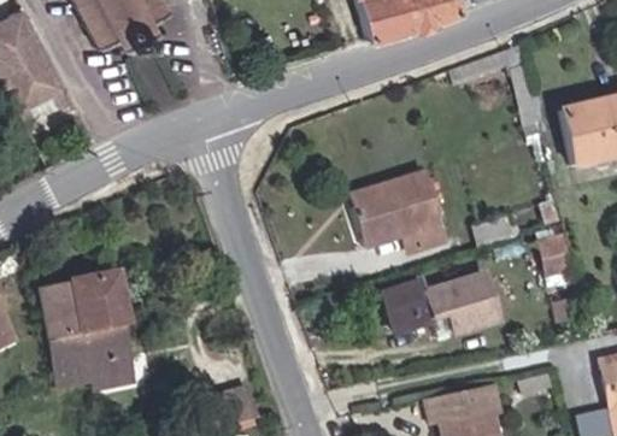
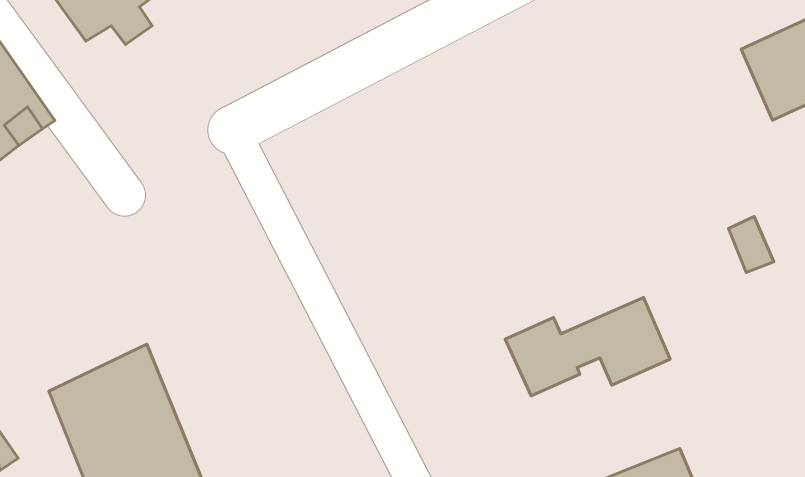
building: [360,173,447,246] -> none

